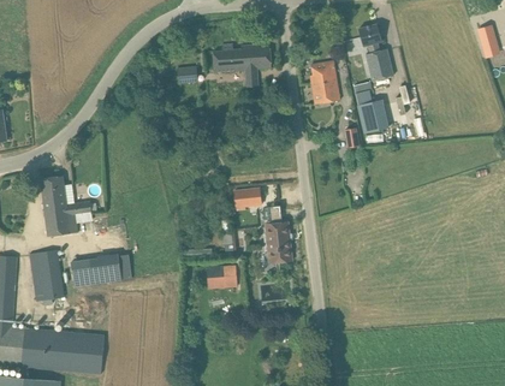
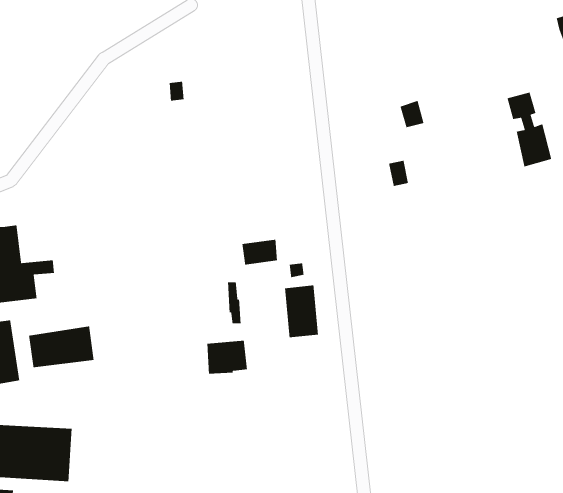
building: [357,24,392,82] -> [506,92,552,167]
building: [212,44,271,87] -> none
building: [309,61,339,105] -> none
building: [357,101,386,137] -> none

